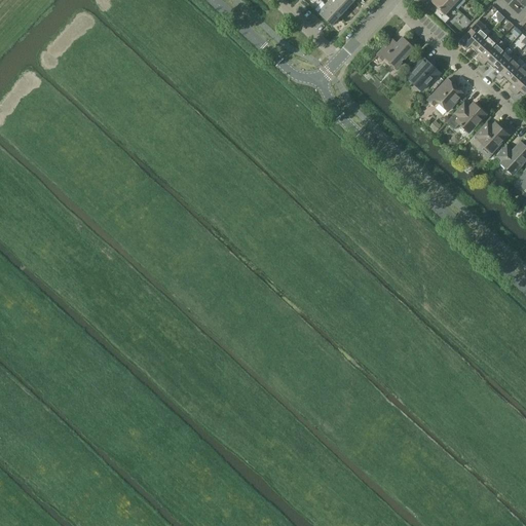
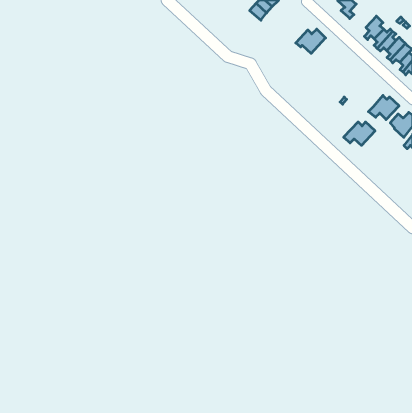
building: [406,57,442,90] -> none
building: [428,79,464,112] -> none
building: [447,103,487,133] -> [344,122,375,145]

